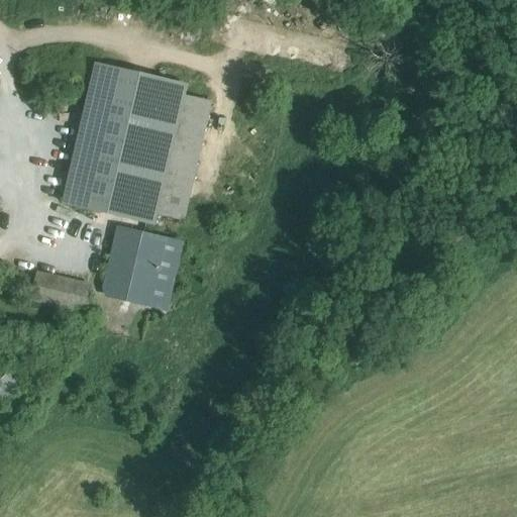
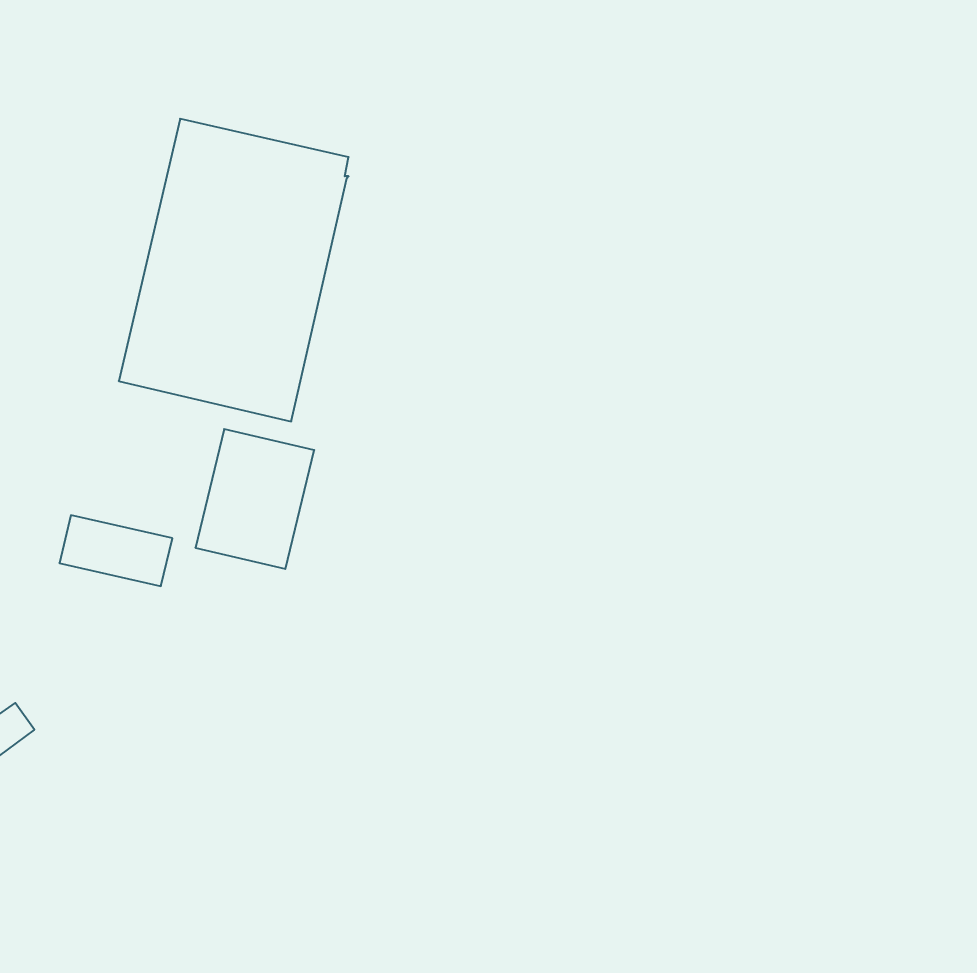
building: [156,94,208,218] -> none
building: [150,237,182,304] -> none

